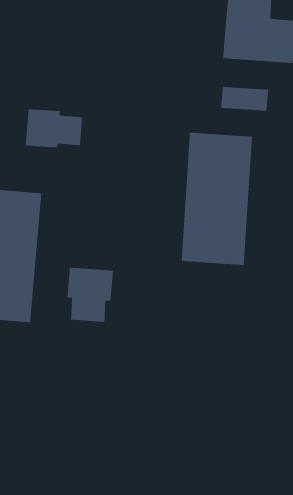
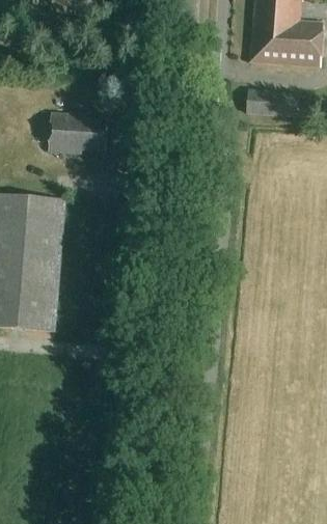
building: [181,132,253,266] -> none
building: [67,267,114,323] -> none

